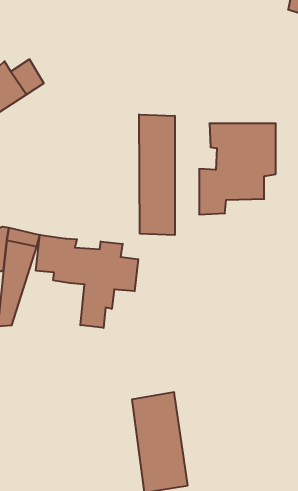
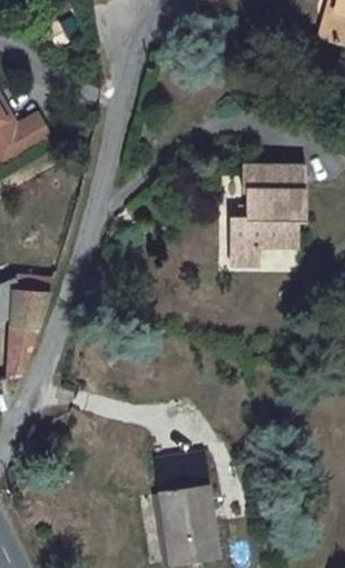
building: [139,114,175,235] -> none
building: [36,235,138,328] -> none

